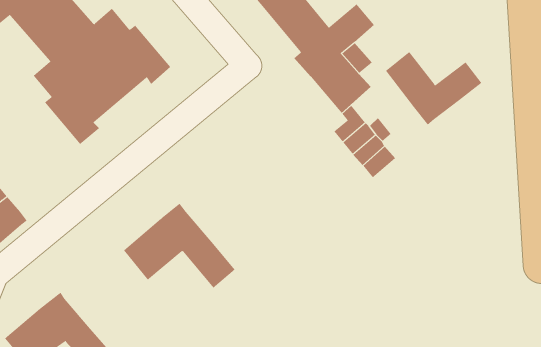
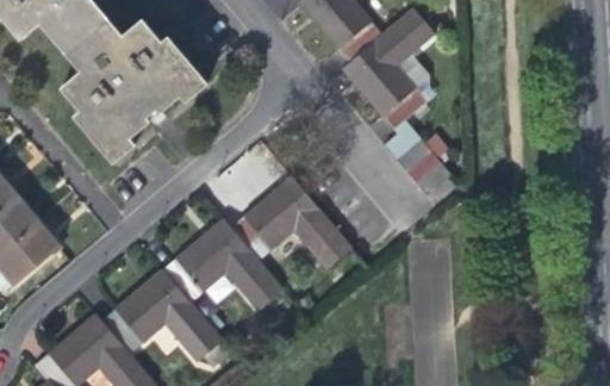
building: [385,51,482,126] -> none
building: none -> [228,181,347,272]
building: none -> [98,273,219,363]

